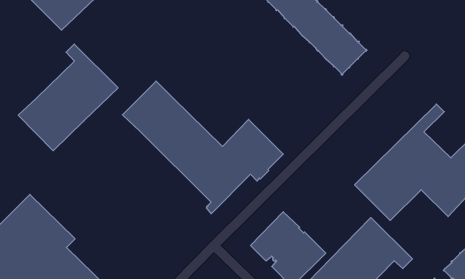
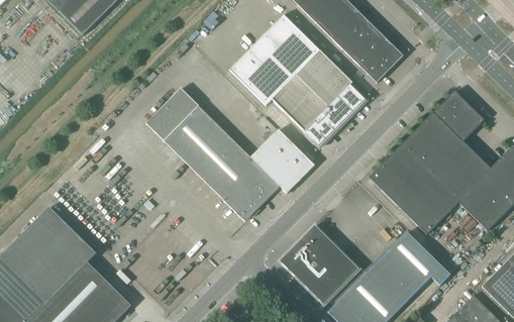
building: none -> [229,11,366,147]
building: [18,44,118,151] -> none
building: none -> [369,91,475,197]

